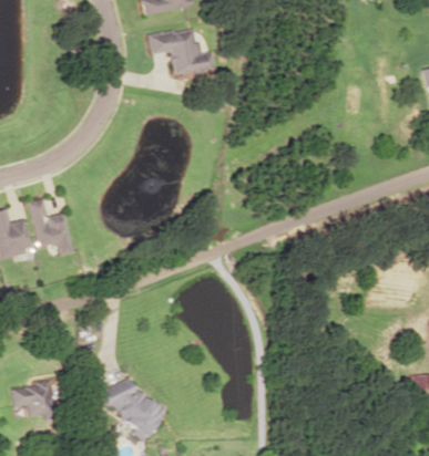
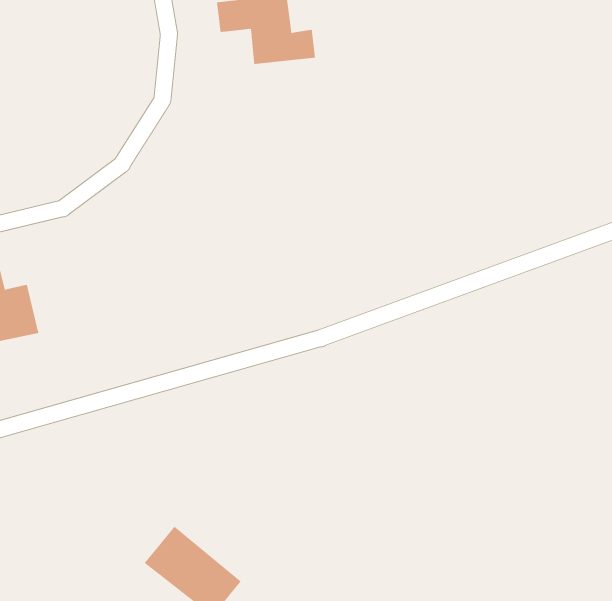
building: [28,197,73,255] -> none
building: [12,382,55,416] -> none

